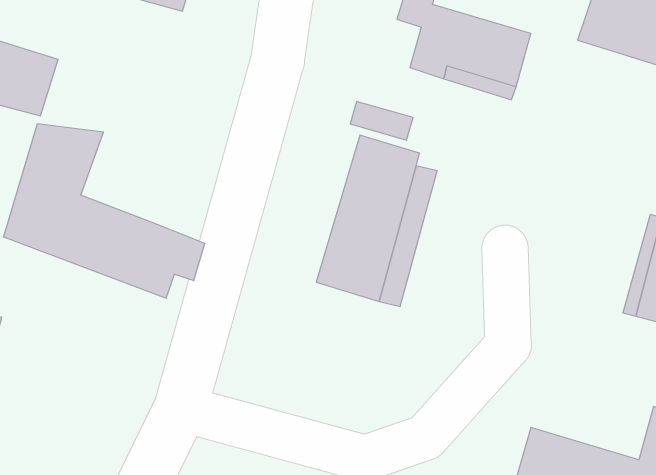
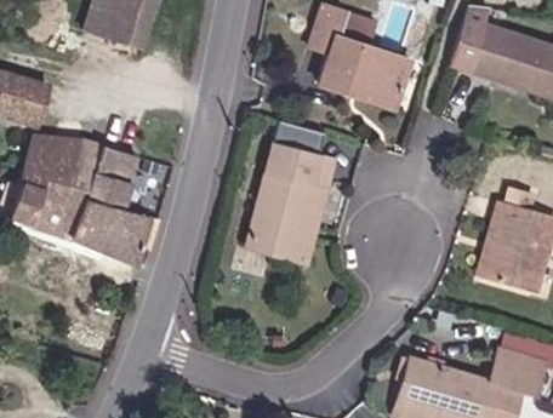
building: none -> [70,138,146,207]

